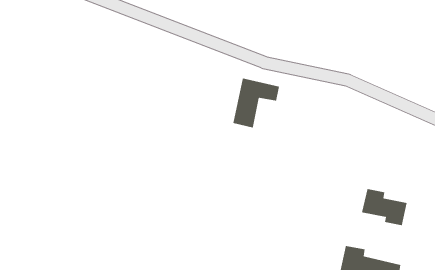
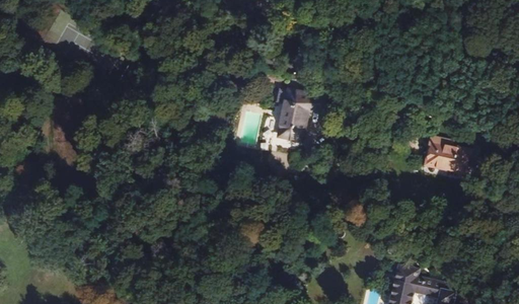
building: [361,188,407,226] -> [426,138,474,177]

